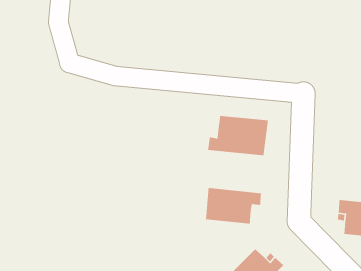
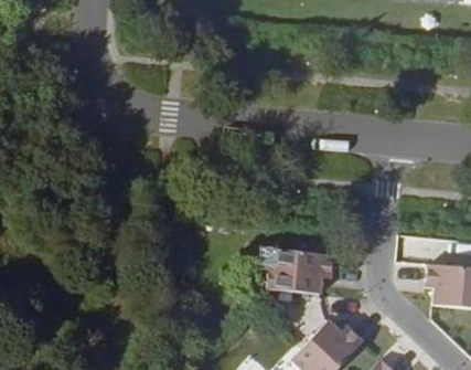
building: [207,115,269,156] -> none

